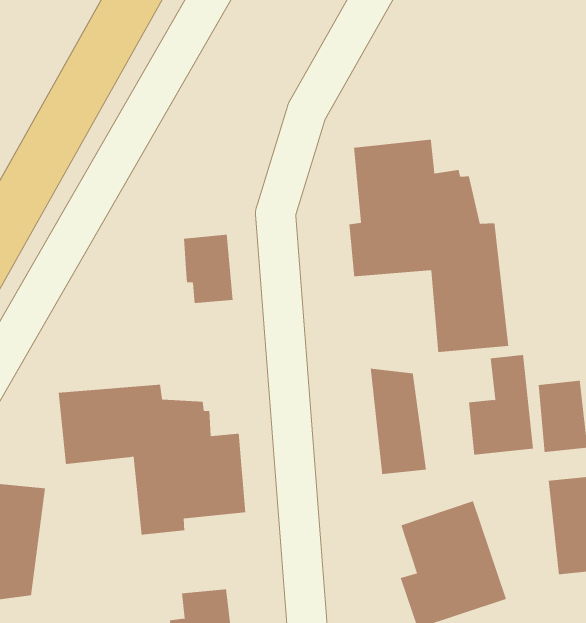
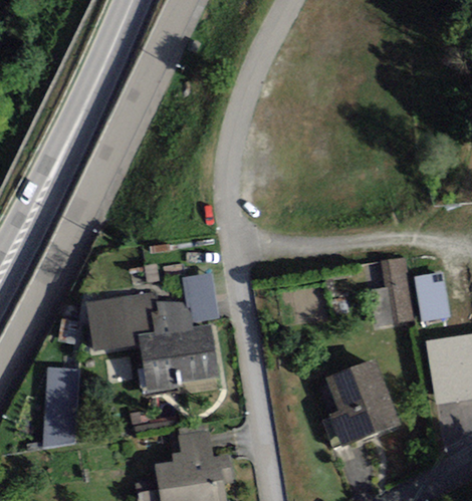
building: [349,139,509,353] -> none
building: [183,234,233,304] -> [182,273,219,322]
building: [370,368,427,475] -> none

